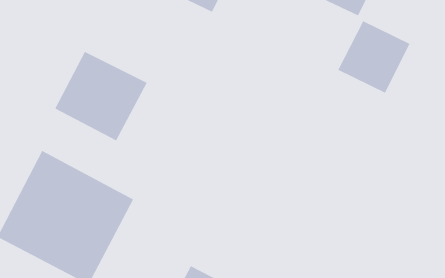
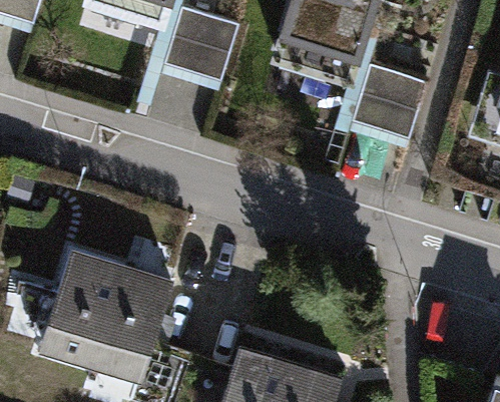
building: [54,51,148,141] -> none

